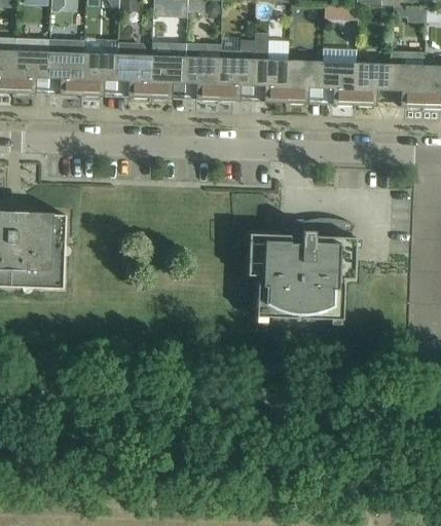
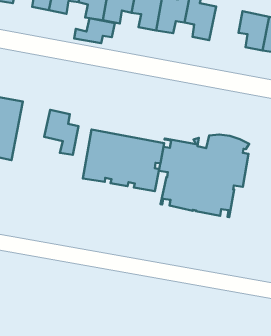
building: [285,59,321,103] -> none
building: none -> [74,18,115,43]
building: none -> [44,110,78,155]
building: none -> [83,130,164,191]

